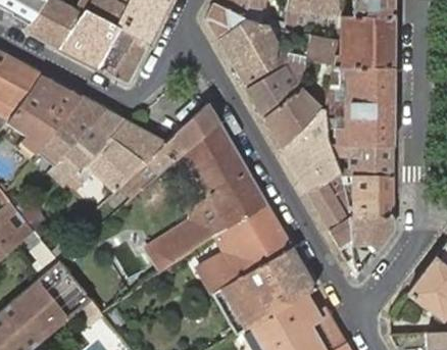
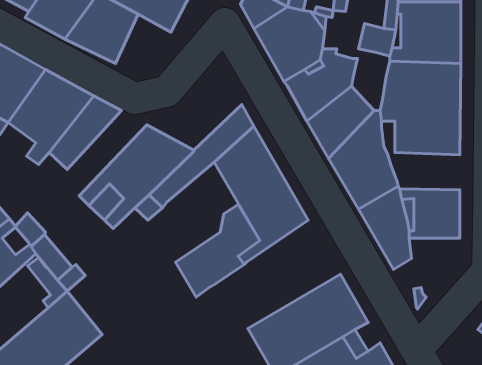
building: [100,27,147,82] -> none
building: [53,108,127,181] -> none
building: [331,144,392,176] -> none
building: [197,201,291,293] -> none
building: [349,216,392,250] -> none

